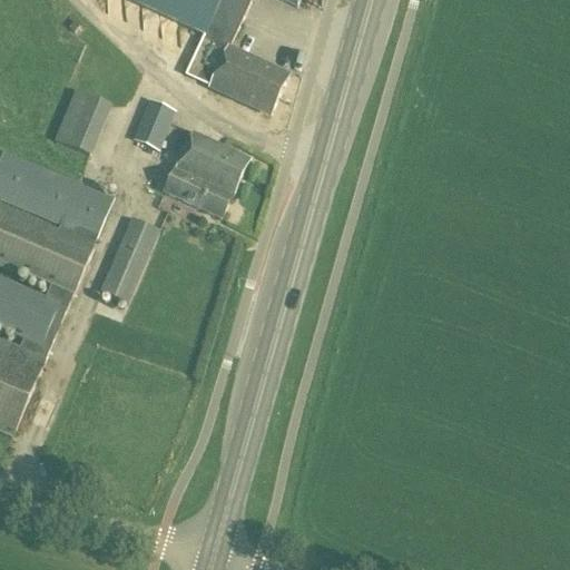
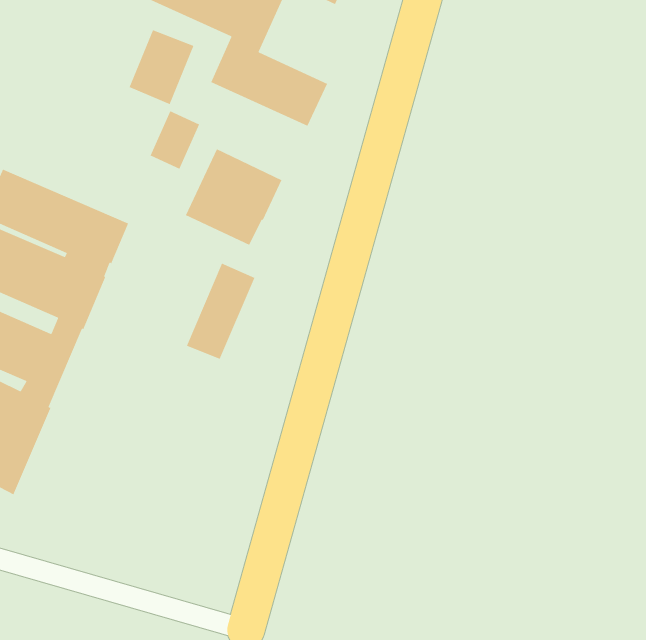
building: [52,88,110,155] -> [129,29,194,105]
building: [99,215,160,301] -> [186,262,256,360]

